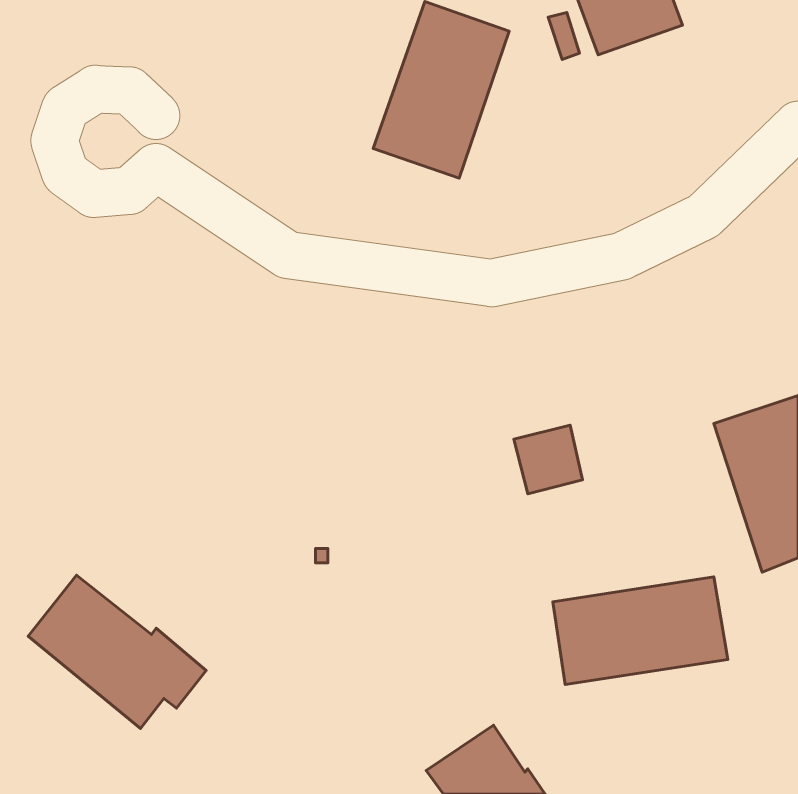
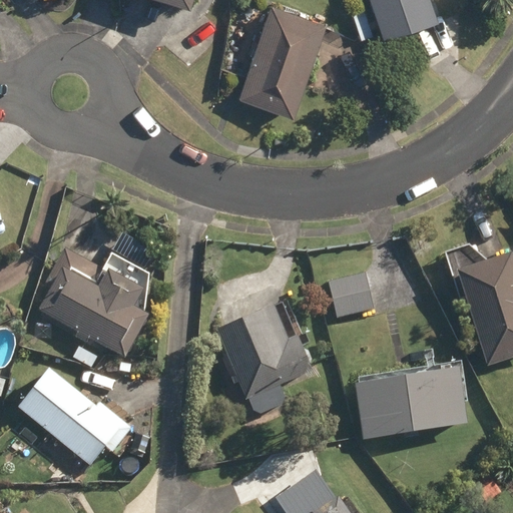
building: none -> [39,246,149,358]
building: none -> [216,303,312,414]

